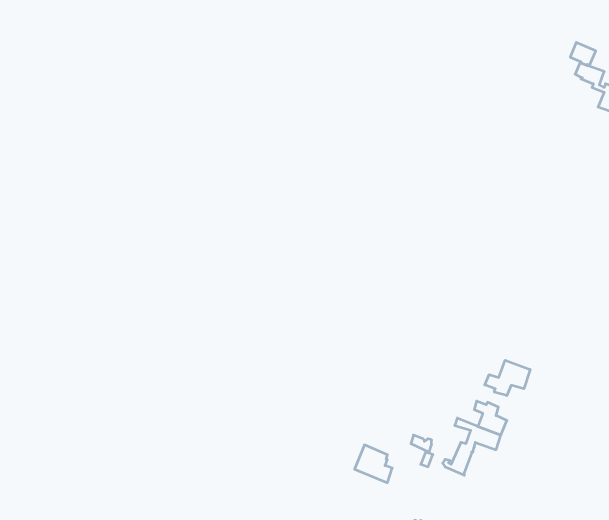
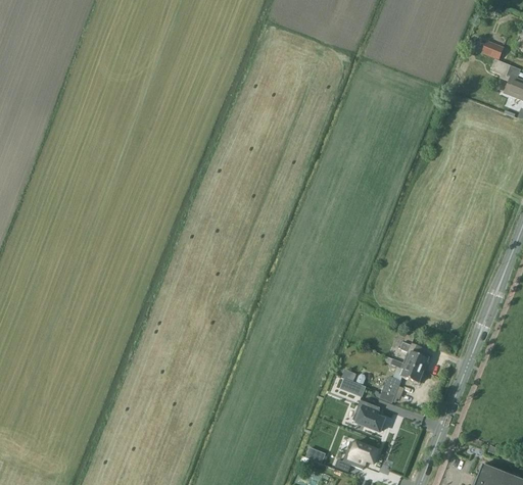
building: [485,360,530,396] -> none
building: [355,445,392,483] -> [352,400,384,432]

